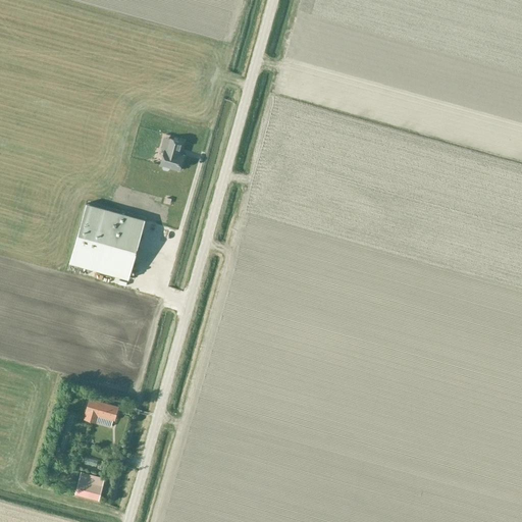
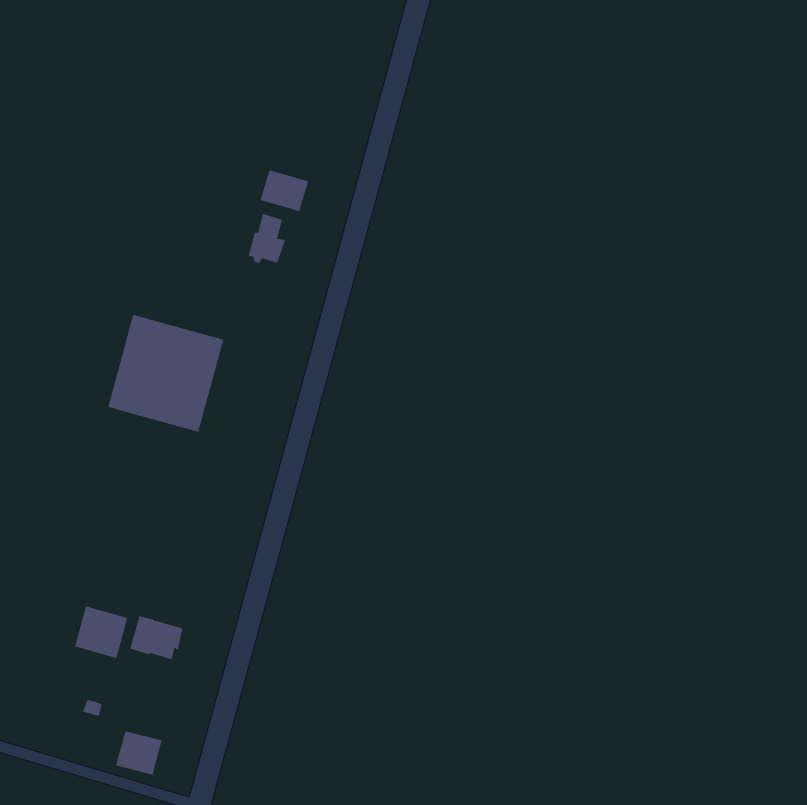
building: none -> [260,169,309,212]
building: none -> [75,605,128,659]

